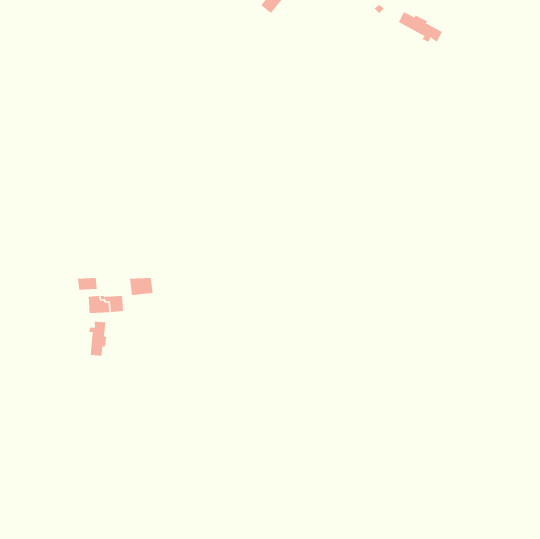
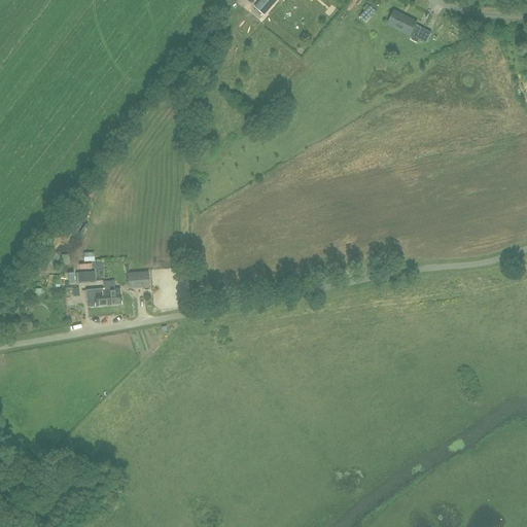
building: [88,321,107,356] -> none

